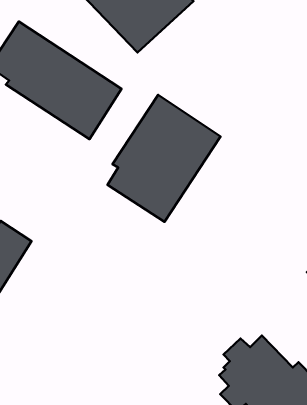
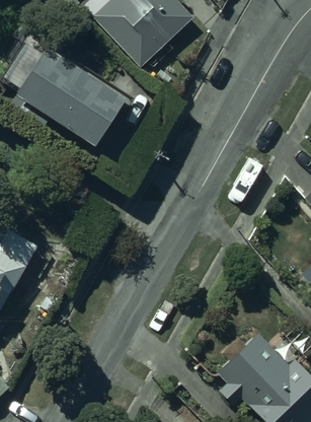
building: [107,95,221,222] -> none

